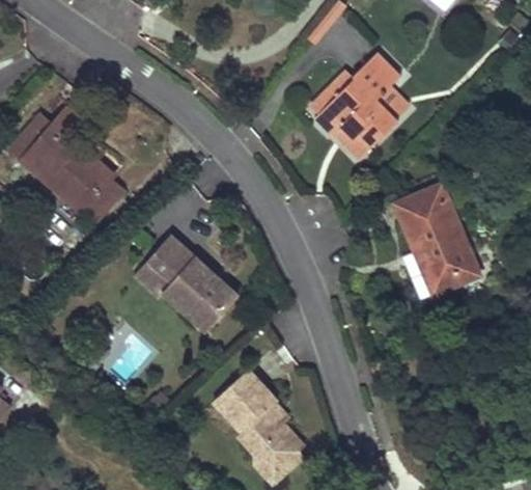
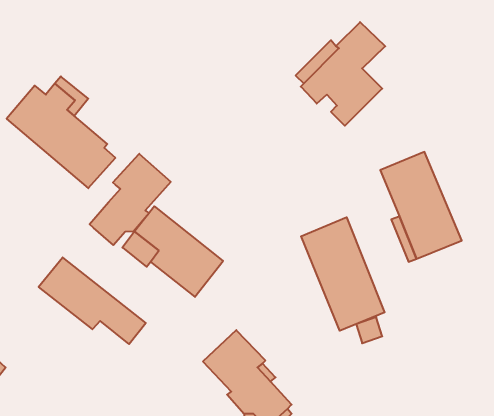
building: none -> [90,154,171,245]
building: none -> [301,217,385,331]
building: none -> [39,257,146,344]

